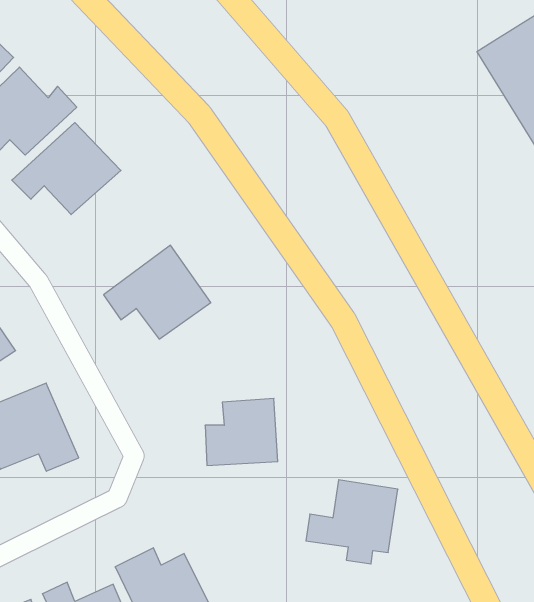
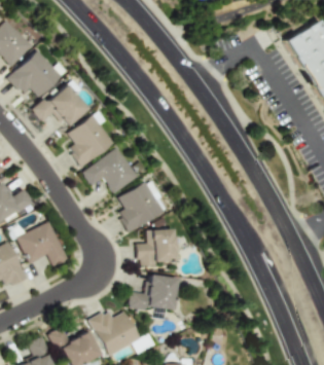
building: none -> [68,112,118,168]
building: none -> [118,178,169,231]
building: [306,480,398,564] -> [129,273,178,319]

